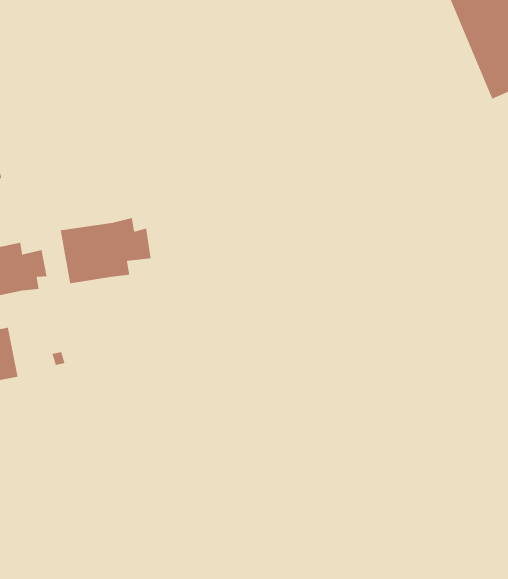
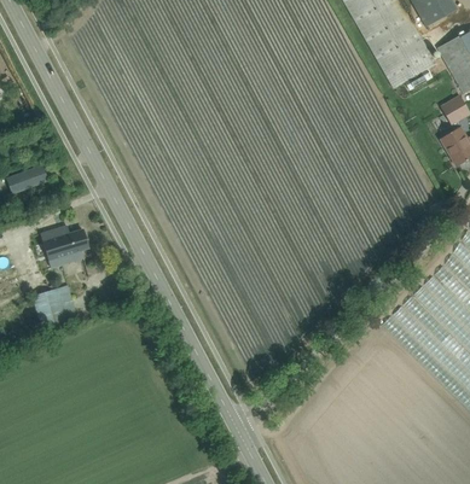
building: [60,217,151,284] -> none

